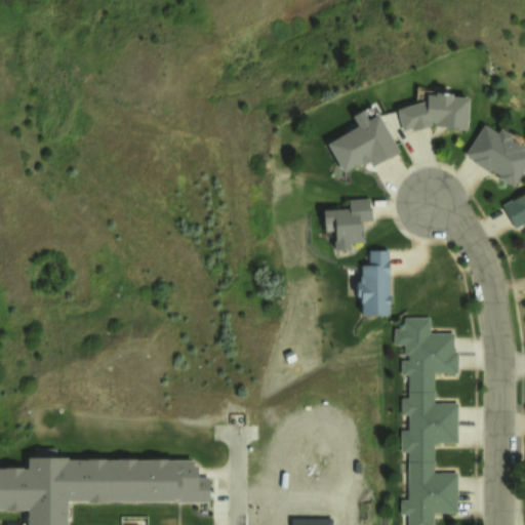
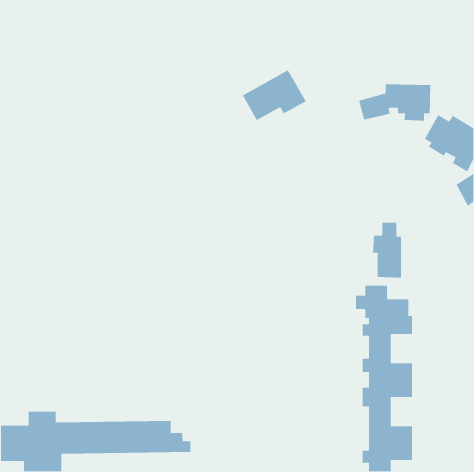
building: [327,117,399,174] -> [242,69,307,121]
building: [326,197,372,242] -> none
building: [360,252,393,315] -> [372,222,402,278]

